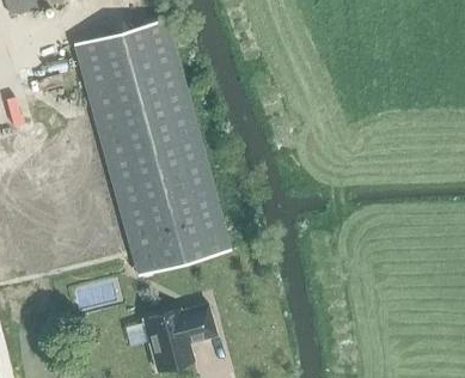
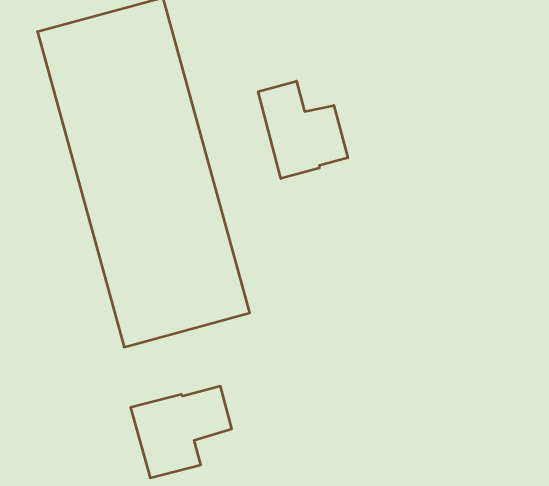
building: none -> [258,81,348,179]

